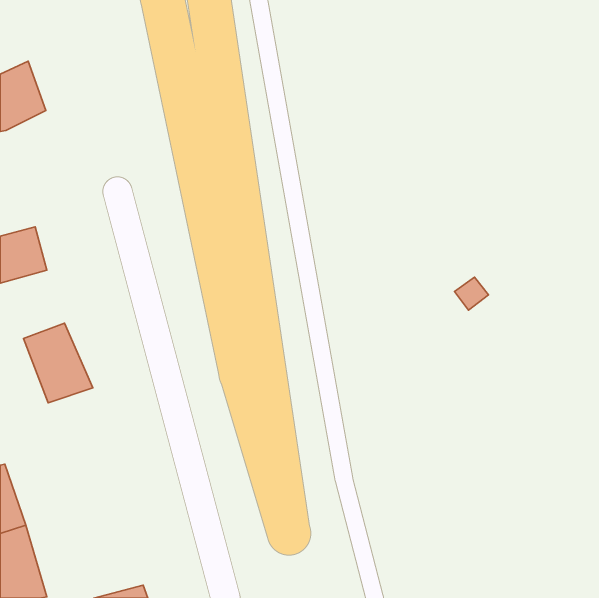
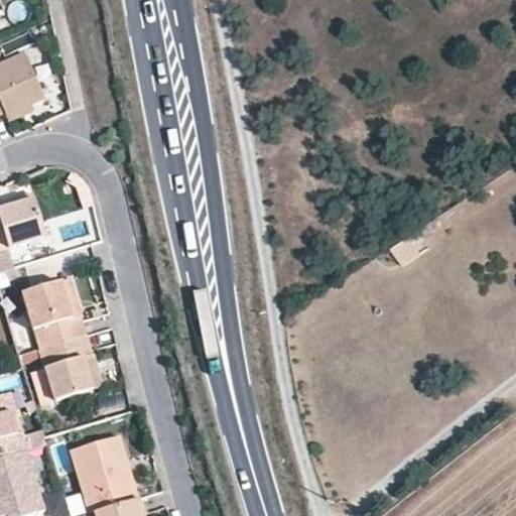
building: none -> [35,333,90,401]
building: none -> [71,435,131,495]

